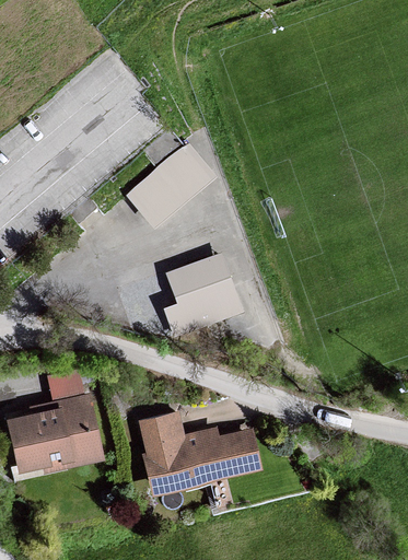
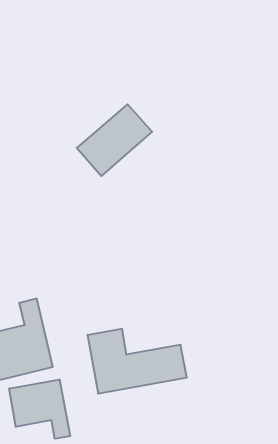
building: [163,244,246,335] -> none
building: none -> [9,379,70,439]

